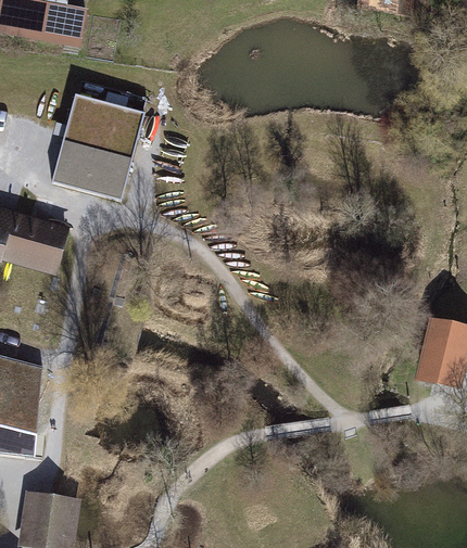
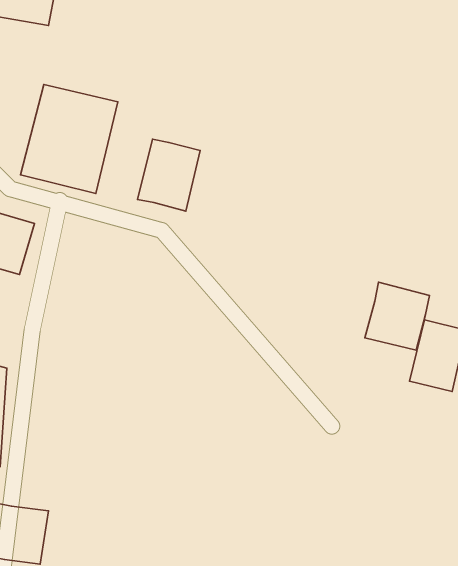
building: none -> [137,139,200,211]
building: none -> [365,282,429,350]

